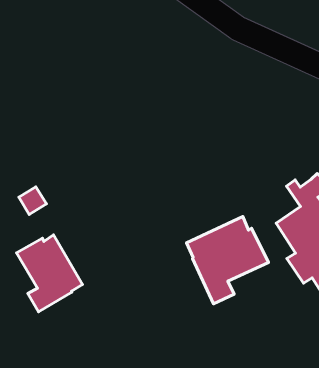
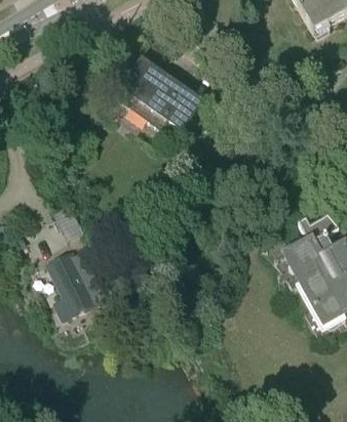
building: none -> [116,55,202,127]
building: [187,216,268,304] -> none

